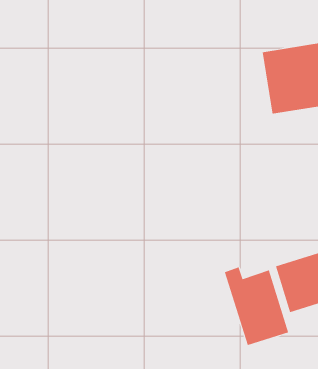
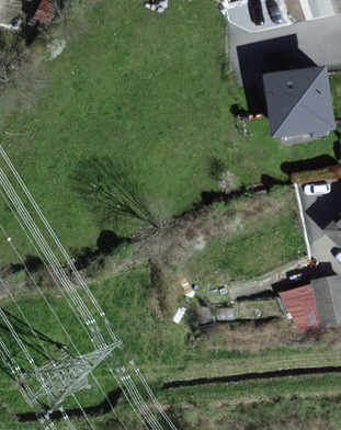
building: [224,266,289,346] -> none

